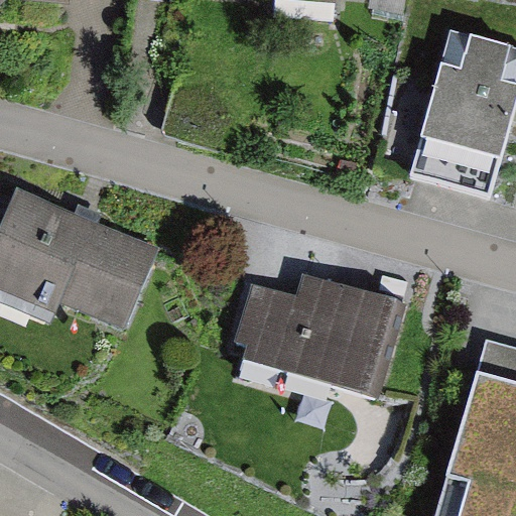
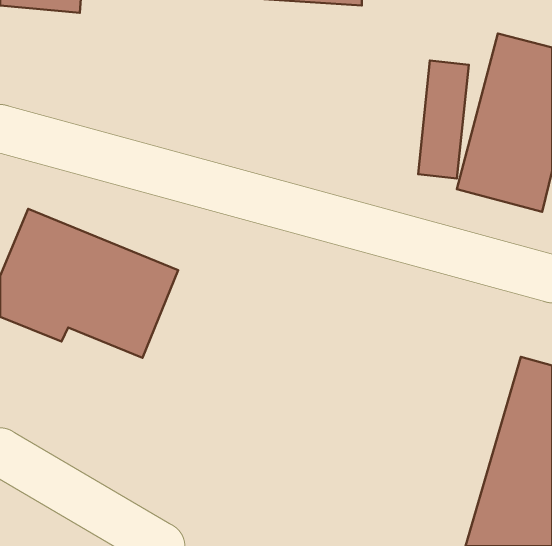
building: [243,277,408,395] -> none

